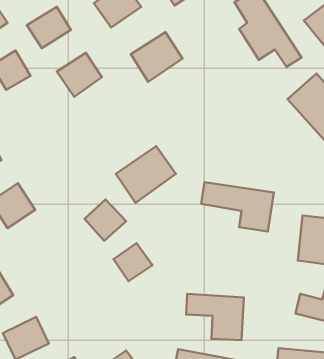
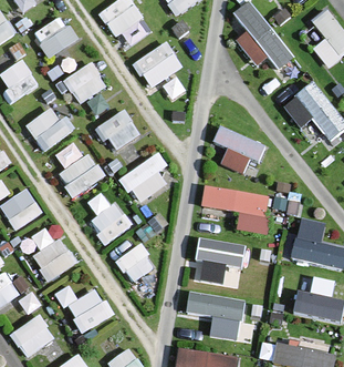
building: none -> [27,108,70,150]
building: none -> [96,110,142,154]
building: none -> [213,125,261,175]
building: none -> [60,156,102,193]
building: none -> [192,237,248,283]
building: none -> [32,238,76,282]
building: none -> [67,289,113,333]

